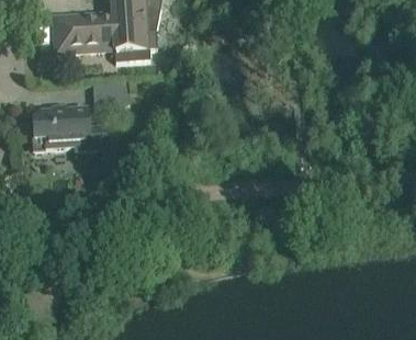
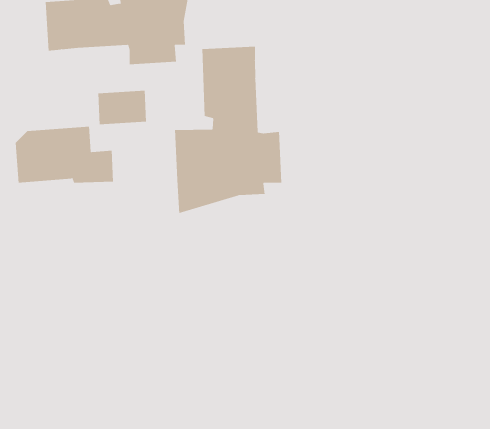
building: none -> [175,46,282,214]

